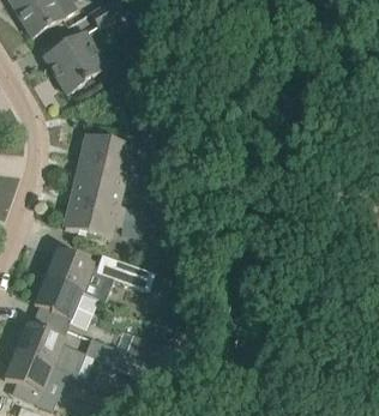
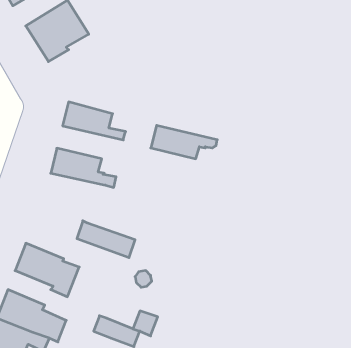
building: [76,157,143,191] -> [151,125,217,159]
building: [65,205,125,237] -> none
building: [44,249,94,291] -> none

